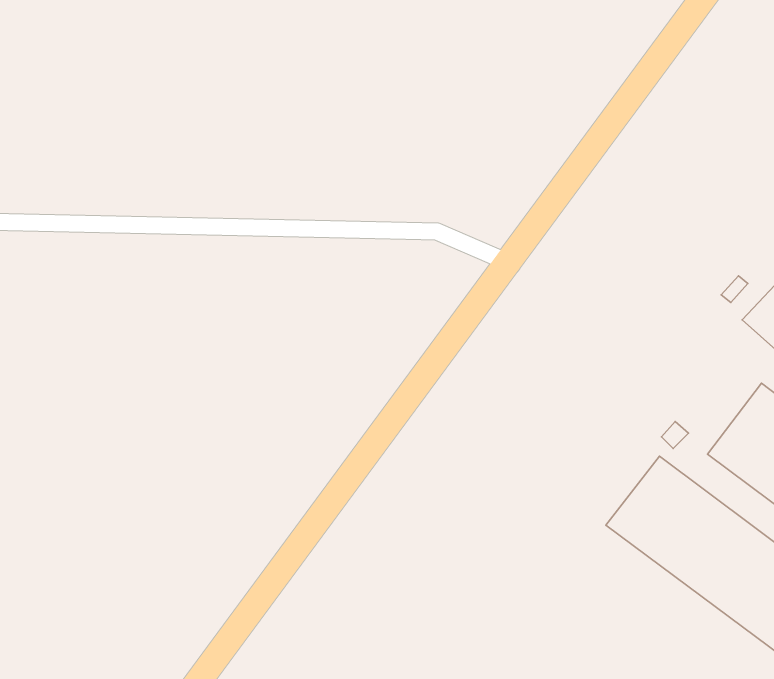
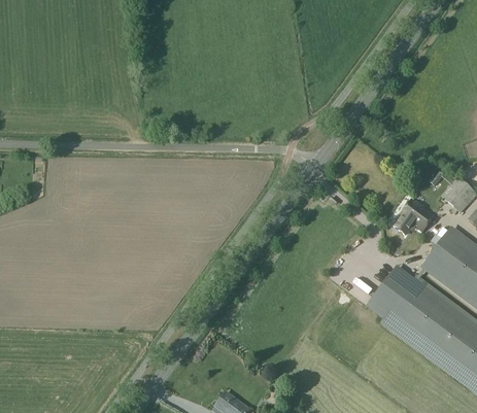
building: none -> [393,198,434,233]

